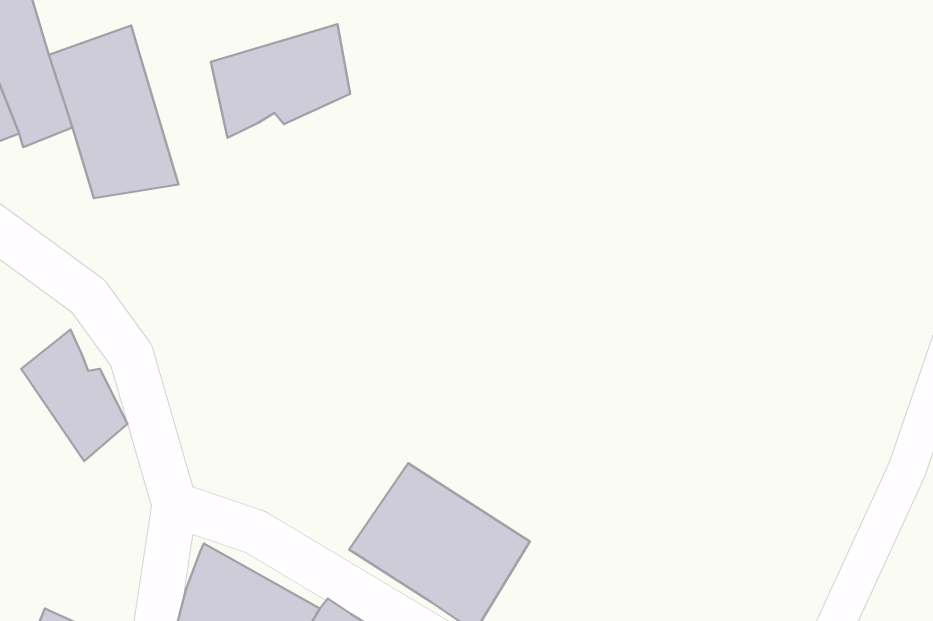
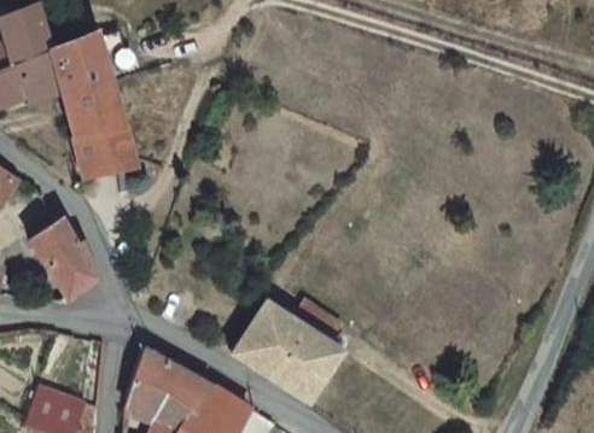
building: [211,24,350,138] -> none
building: none -> [75,128,135,165]

